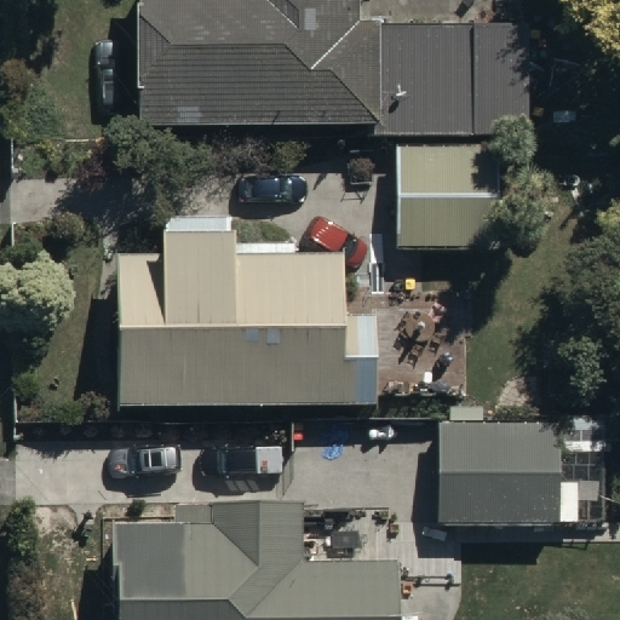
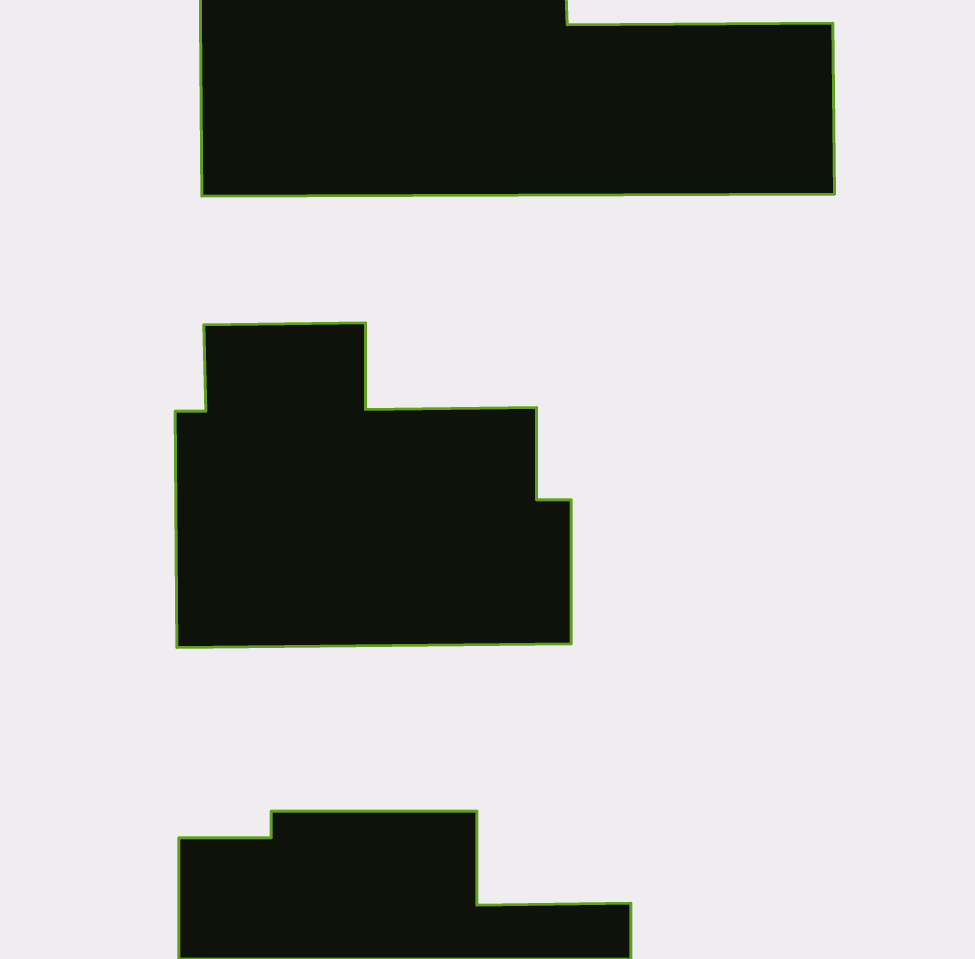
building: [401,155,500,246] -> none
building: [440,423,567,529] -> none

